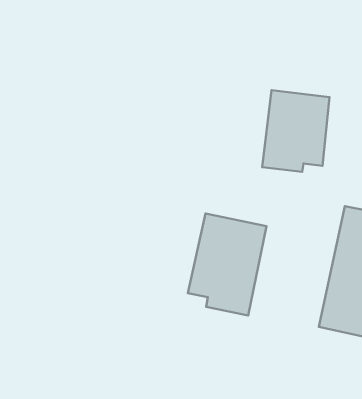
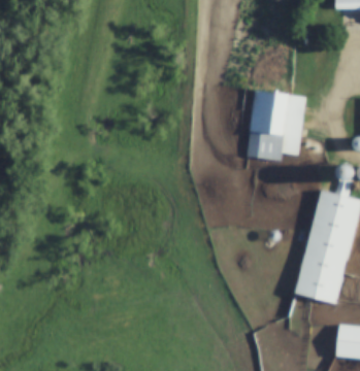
building: [188,214,266,316] -> none

